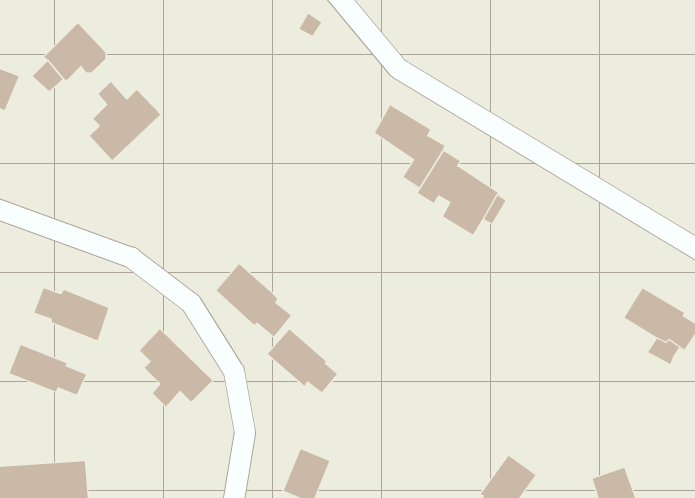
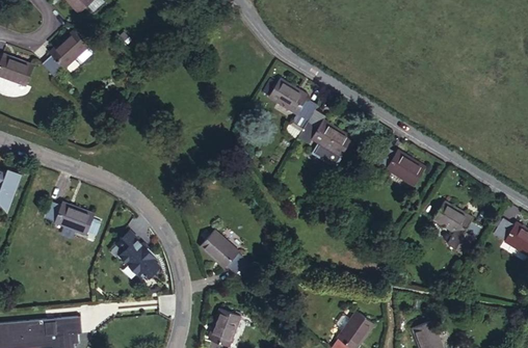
building: [89,81,161,161] -> none
building: none -> [375,150,426,189]
building: [216,263,292,338] -> none
building: [9,344,87,395] -> none

